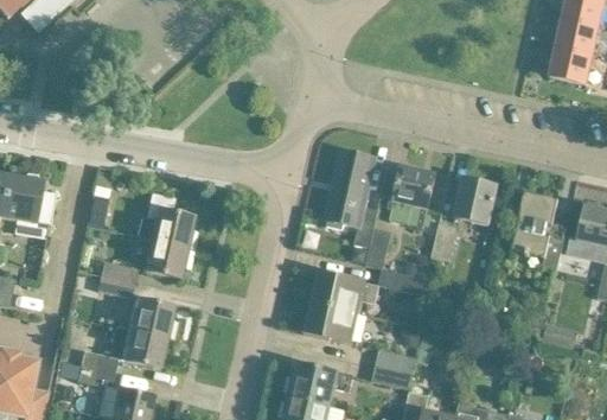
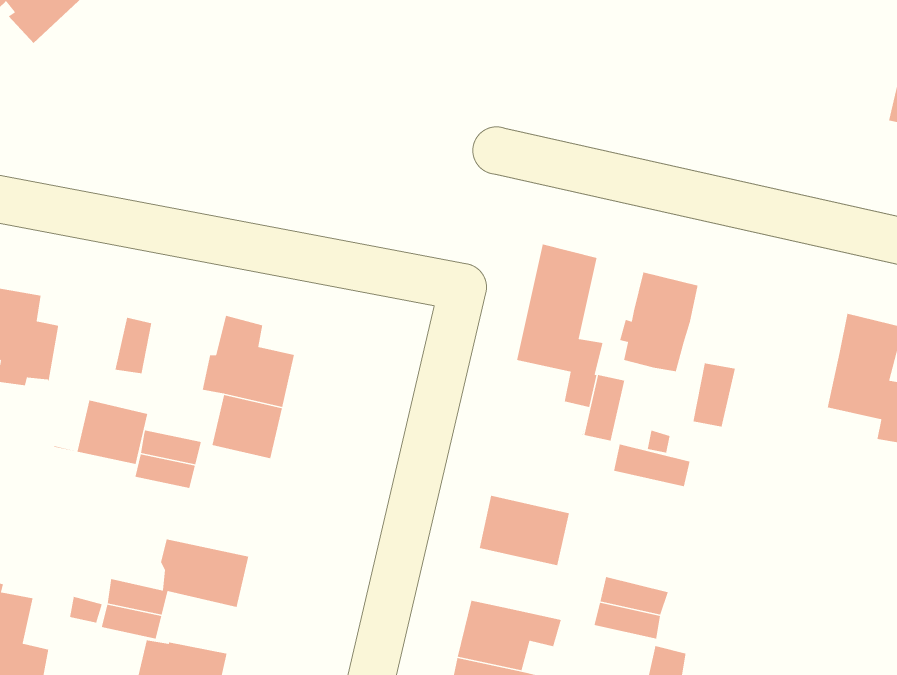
building: [455,177,497,223] -> none
building: [311,269,379,310] -> none
building: [116,297,173,336] -> [53,400,148,465]

